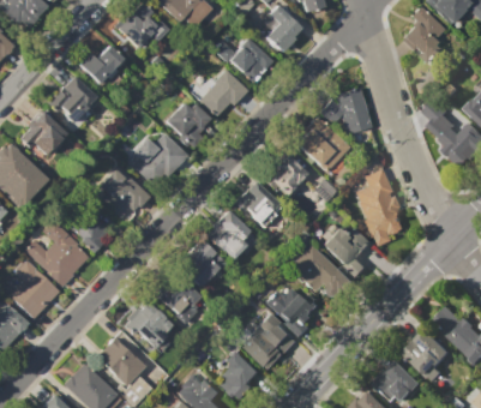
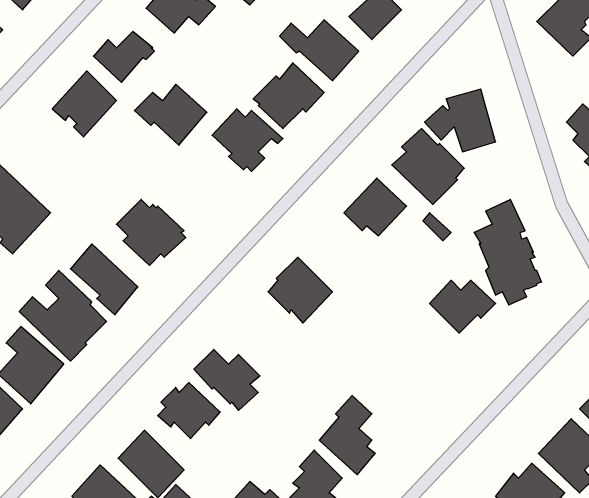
building: [19,112,66,155] -> none
building: [133,133,186,178] -> [134,84,207,145]
building: [233,181,278,227] -> none
building: [176,240,226,287] -> none
building: [289,242,351,304] -> none
building: [265,289,317,337] -> none

